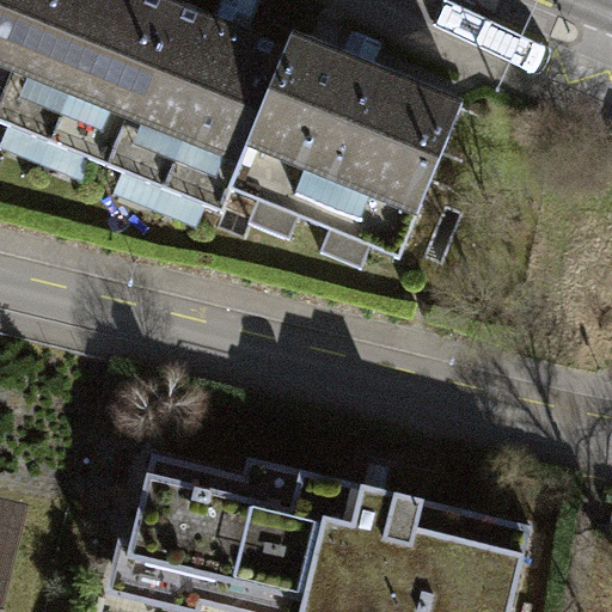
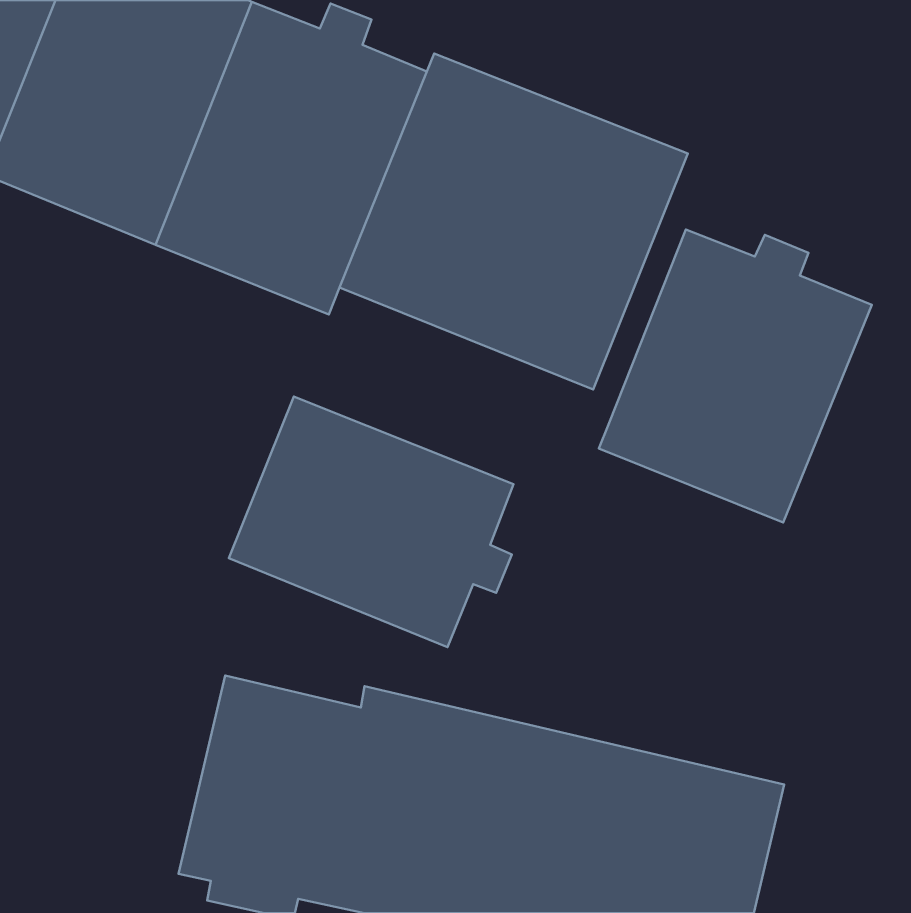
building: none -> [599,230,872,522]
building: none -> [229,397,514,647]

